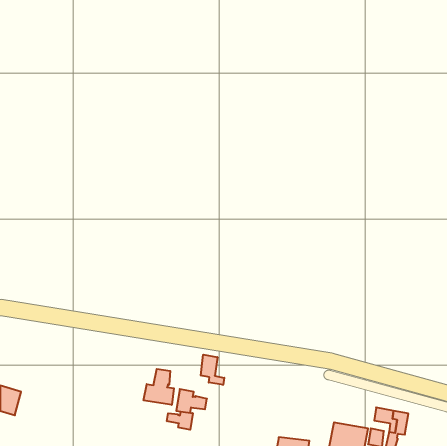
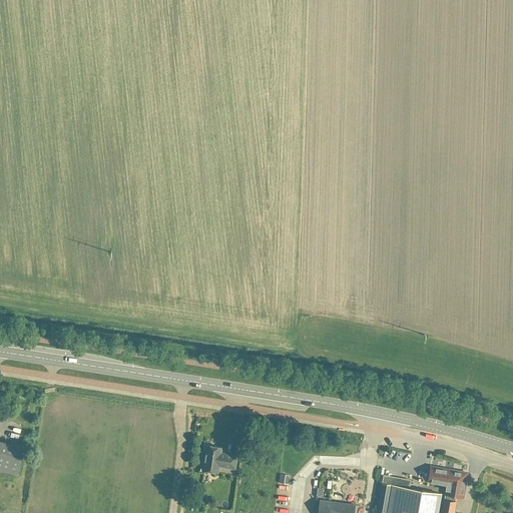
building: [201,355,224,385] -> none
building: [144,369,174,405] -> none
building: [167,412,193,430] -> none

